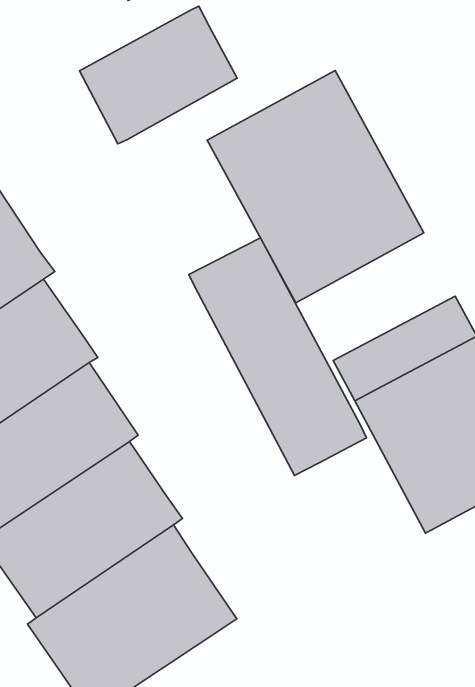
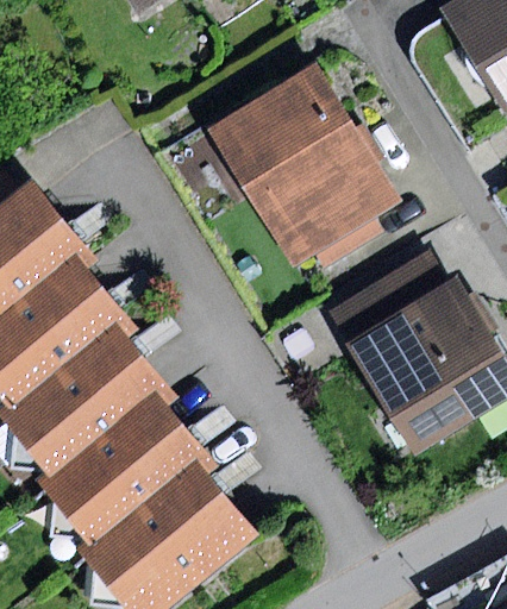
building: [80,6,237,144] -> none
building: [189,238,367,476] -> none

